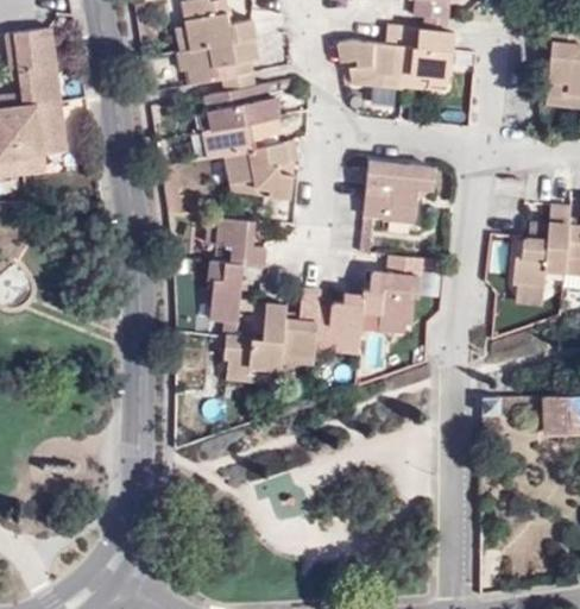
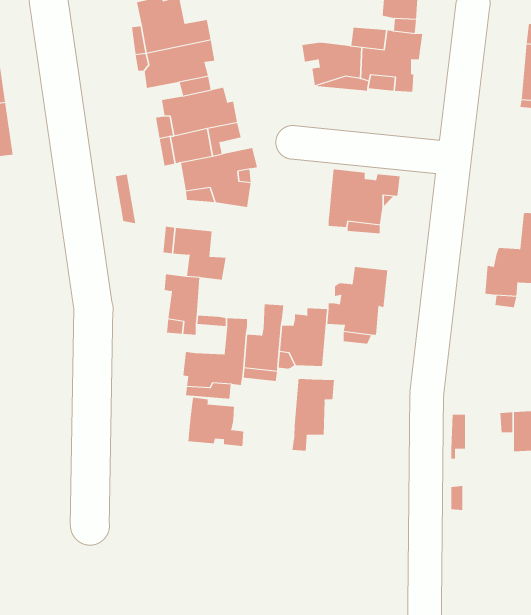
building: none -> [292,378,335,451]
building: none -> [188,397,244,447]

